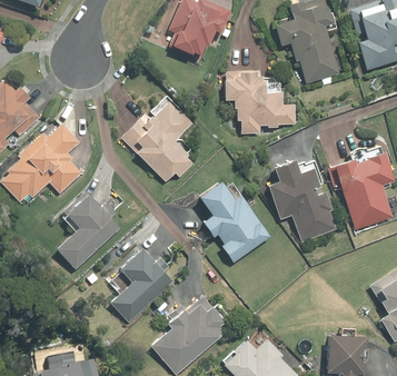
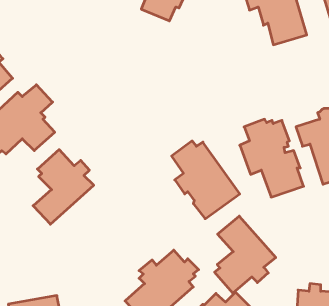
building: [225,70,294,133] -> none
building: [120,96,193,182] -> none
building: [105,249,172,323] -> none
building: none -> [215,216,276,293]

